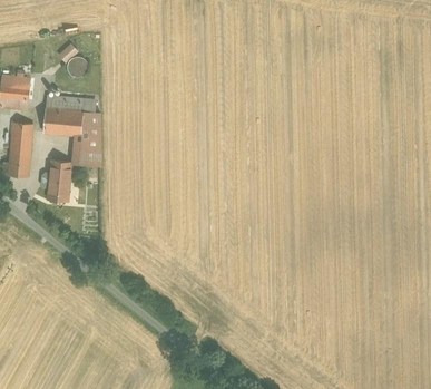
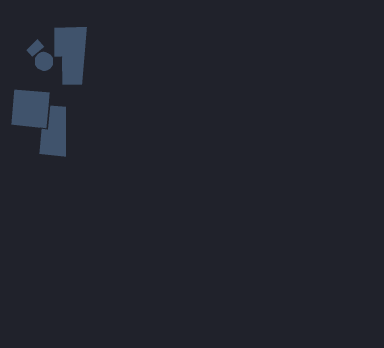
building: none -> [54,26,87,85]
building: [48,161,72,202] -> none

